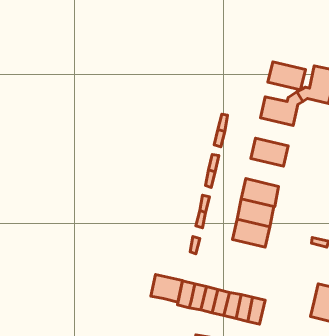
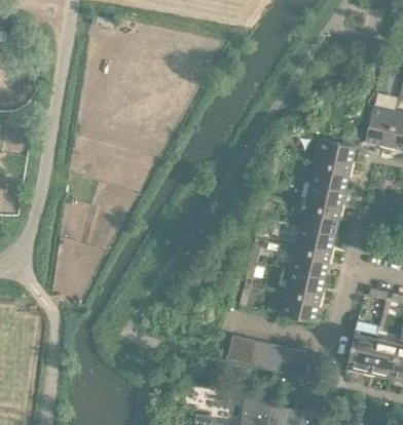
building: [268,62,305,90] -> [308,161,349,191]
building: none -> [298,204,338,234]
building: none -> [279,291,319,321]
building: none -> [344,321,378,373]
building: [151,275,182,302] -> none

